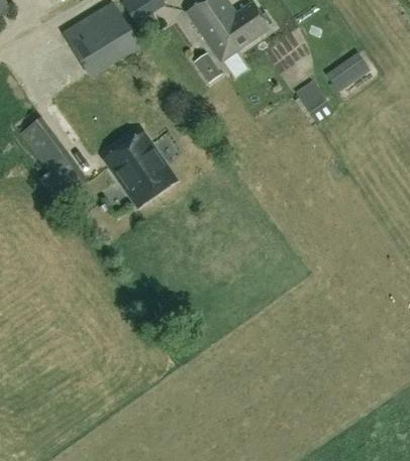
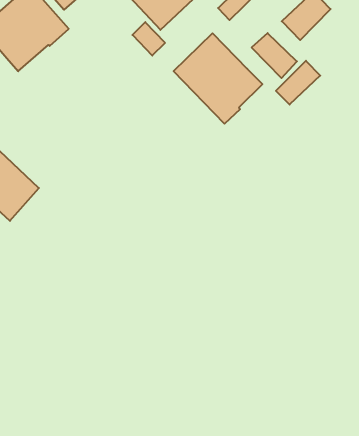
building: none -> [174,33,262,124]
building: none -> [276,61,320,105]
building: [104,131,176,207] -> none

